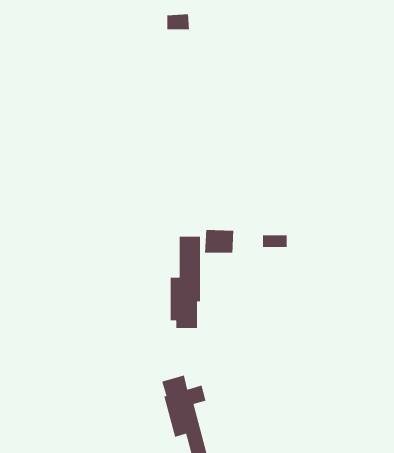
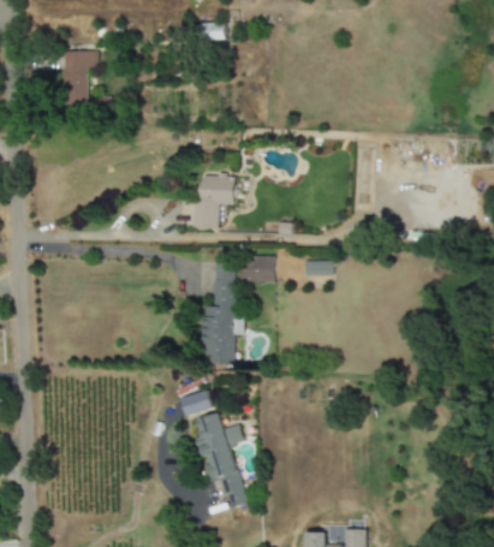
building: none -> [63,50,111,111]
building: none -> [192,176,237,227]
building: none -> [181,390,213,416]

